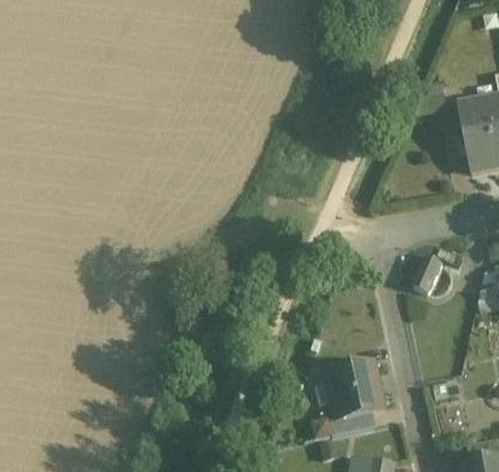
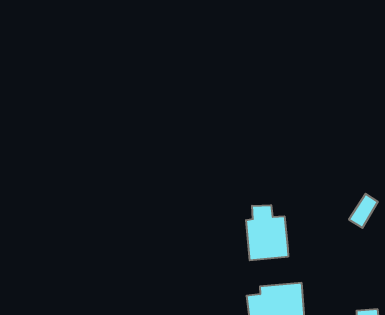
building: none -> [246,205,288,260]

